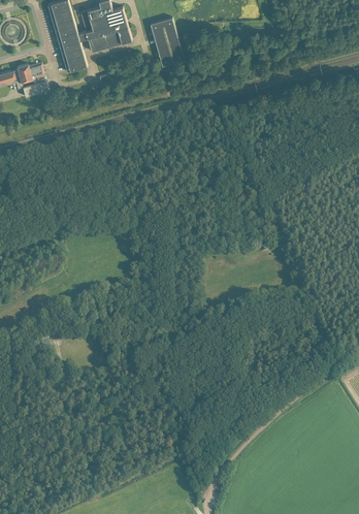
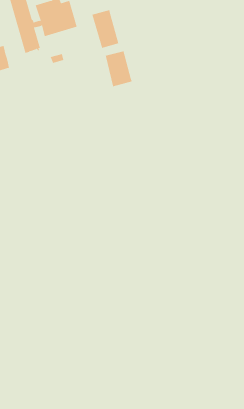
building: none -> [105,50,133,87]

